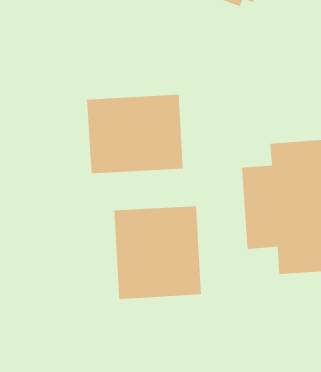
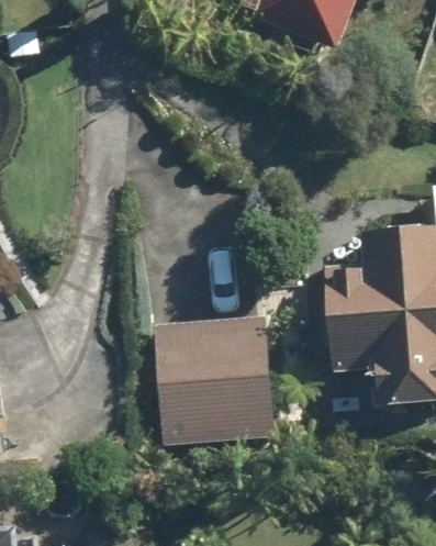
building: [86,94,183,174] -> none

